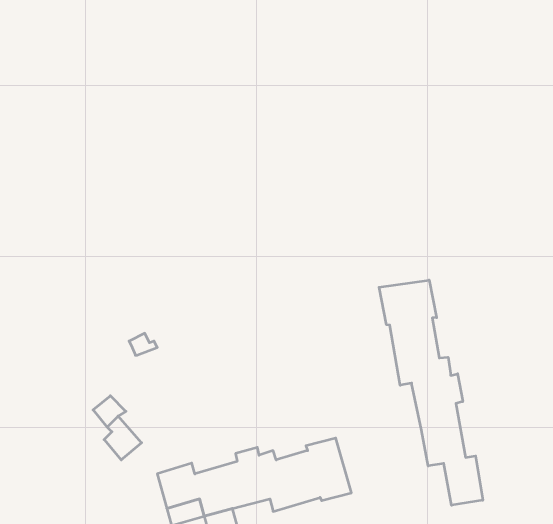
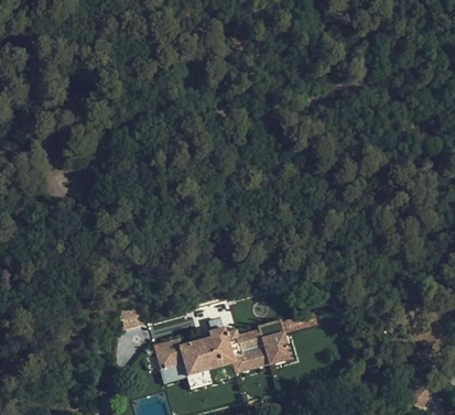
building: [379,280,483,505] -> none

